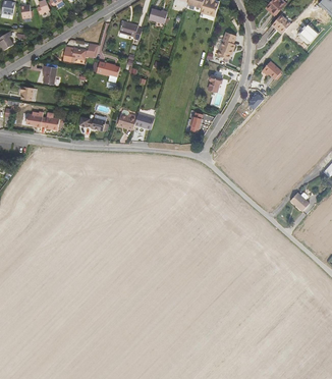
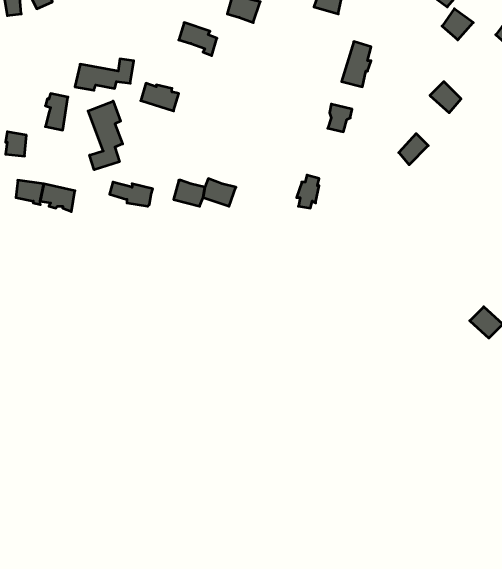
building: none -> [88,101,123,170]

